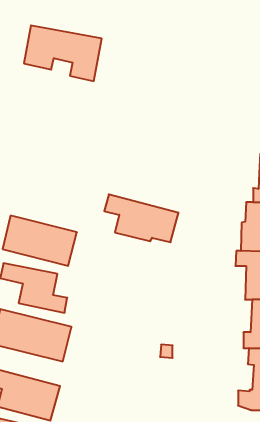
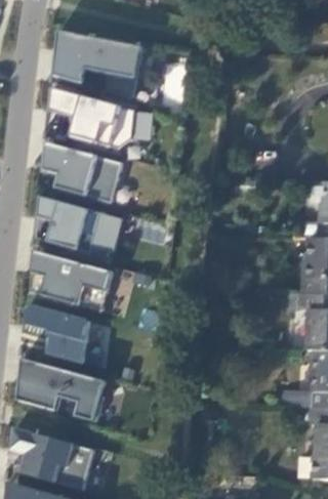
building: none -> [46,90,133,153]
building: none -> [42,143,122,201]
building: [104,194,179,242] -> [36,197,122,252]

